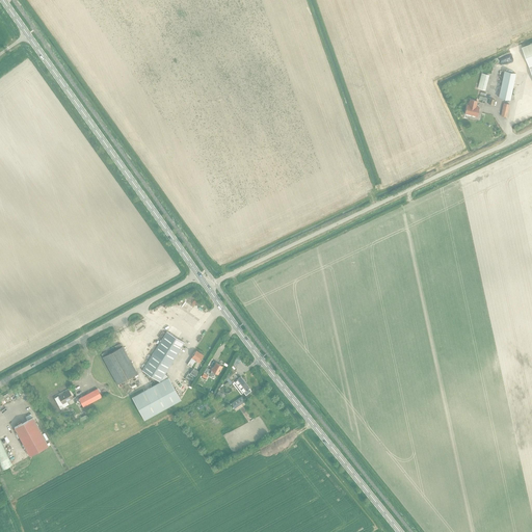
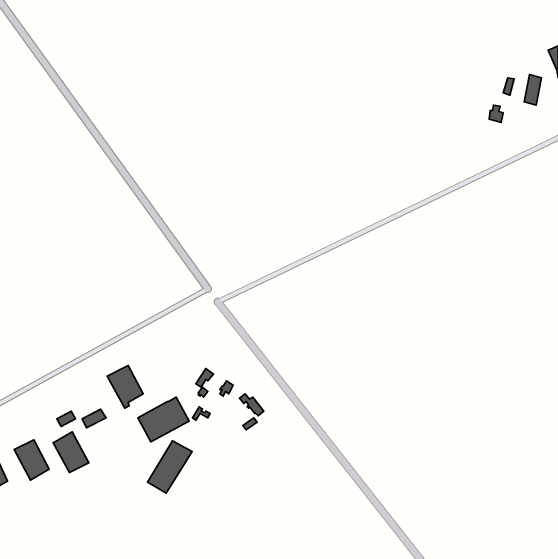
building: [141,331,184,381] -> [147,441,192,493]
building: none -> [53,432,89,472]

